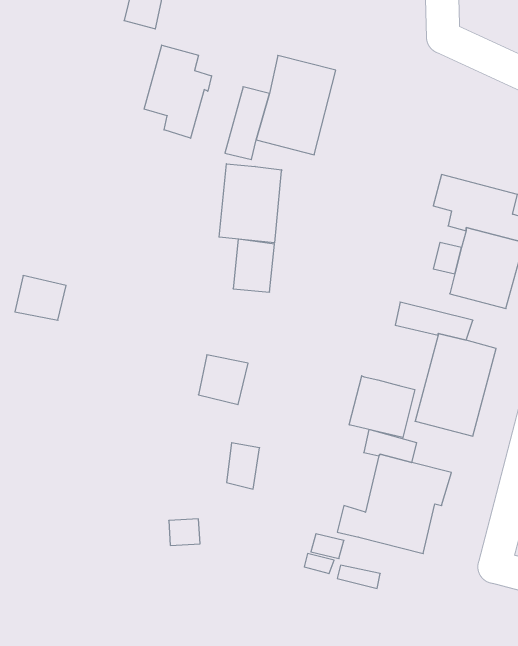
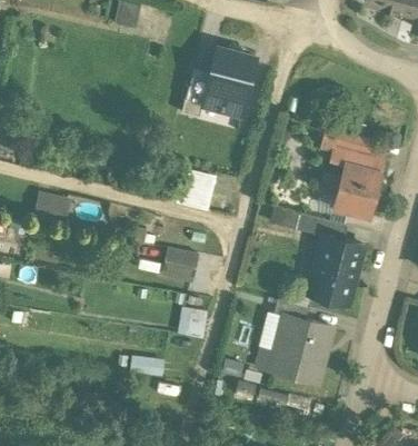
building: [144,45,212,138] -> none
building: [219,164,282,243] -> none
building: [349,376,415,438] -> none

